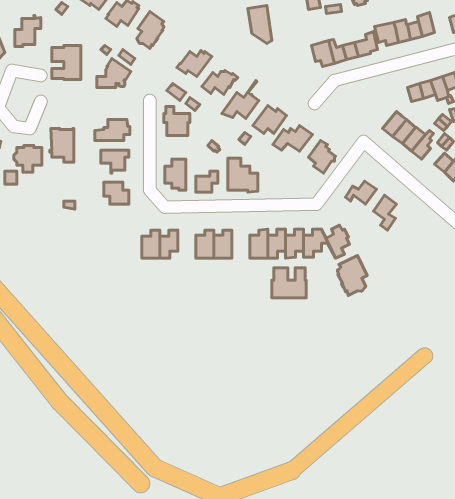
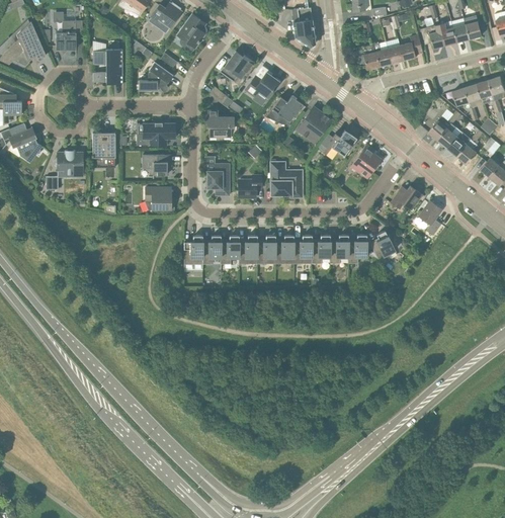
building: none -> [221,236,239,264]
building: none -> [275,236,293,264]
building: [337,256,367,295] -> none
building: [272,268,306,298] -> none

